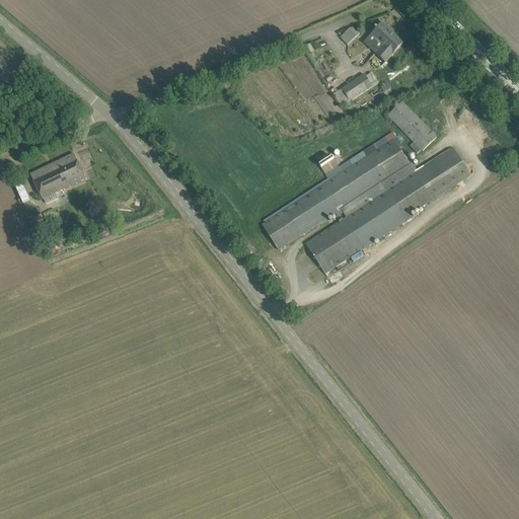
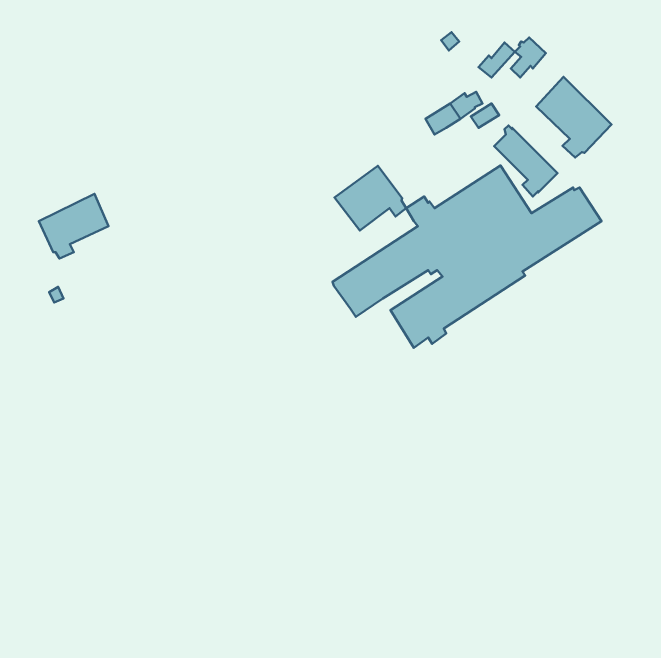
building: [368,21,395,53] -> [511,37,546,78]
building: none -> [536,77,611,158]
building: none -> [334,166,406,231]

